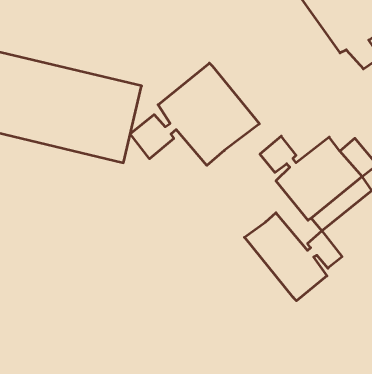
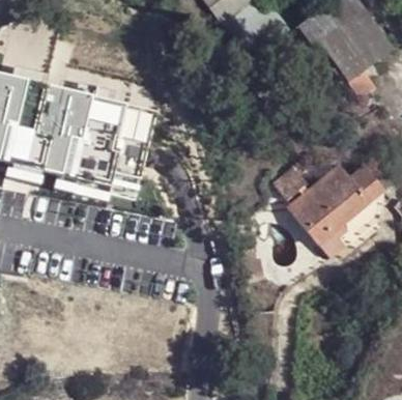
building: [130,63,259,165] -> none
building: [244,213,342,301] -> none

